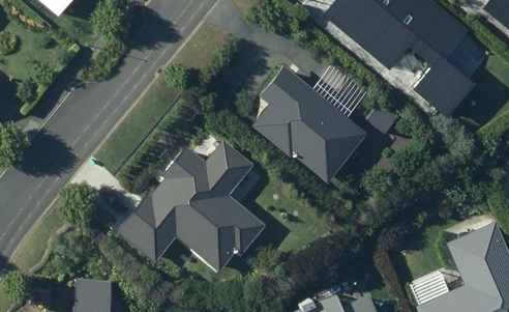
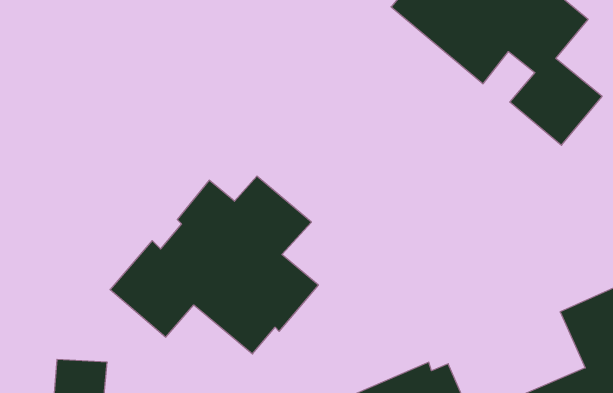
building: [249,66,365,180] -> none

